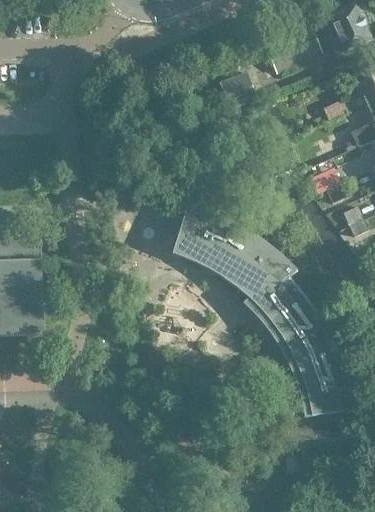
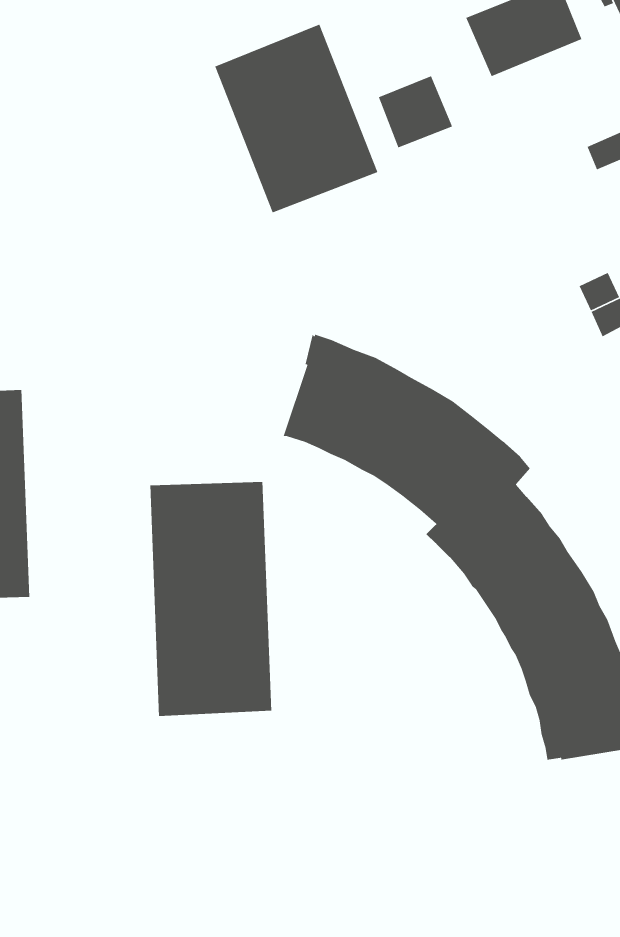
building: none -> [214,23,378,214]
building: none -> [149,481,272,717]

